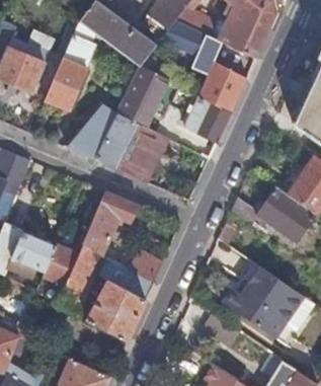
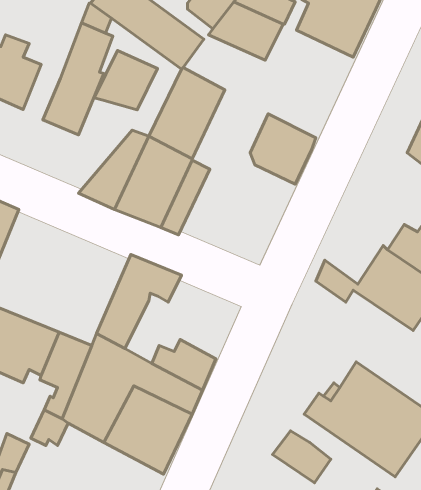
building: none -> [94,50,158,110]
building: [184,57,247,112] -> none

